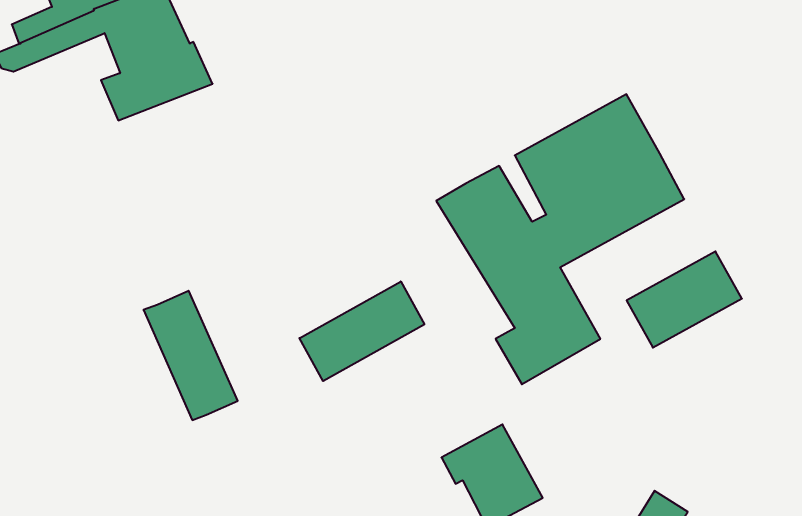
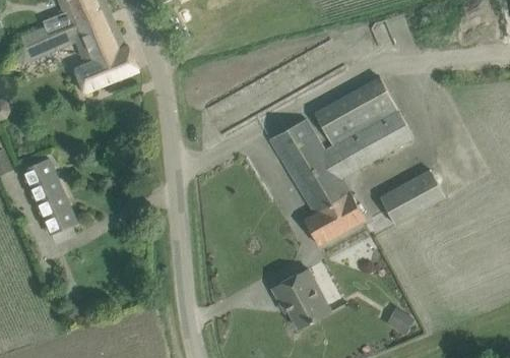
building: [299,281,424,381] -> none
building: [143,291,238,420] -> [21,159,76,234]

